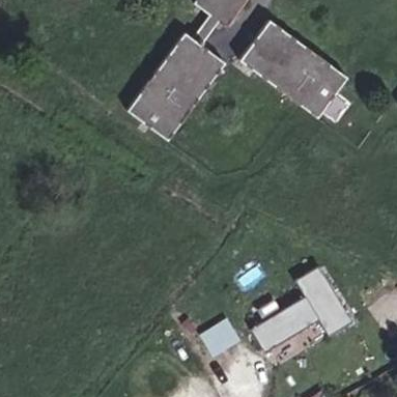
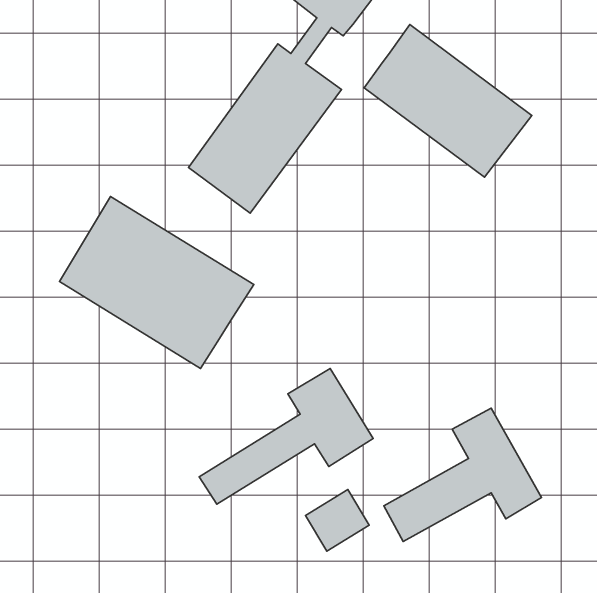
building: none -> [59,196,254,369]
building: none -> [199,368,373,504]

